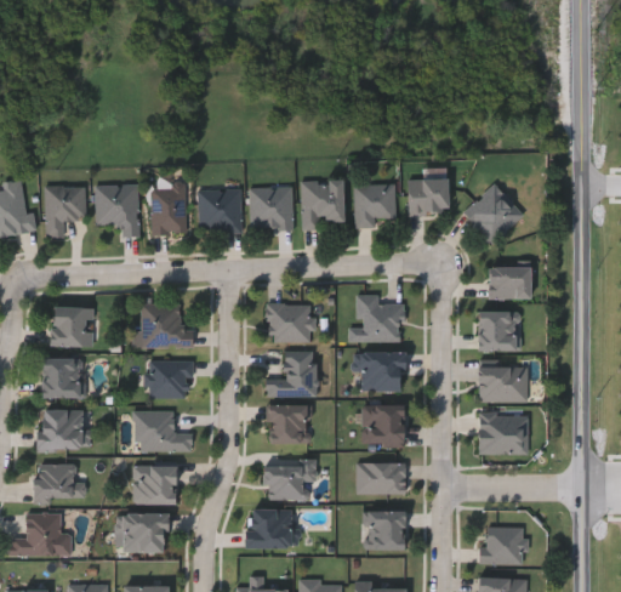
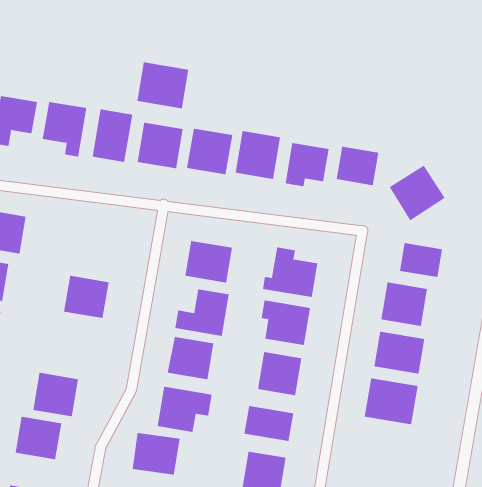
building: none -> [137,62,189,109]
building: [142,303,194,348] -> none
building: [136,410,194,452] -> none

